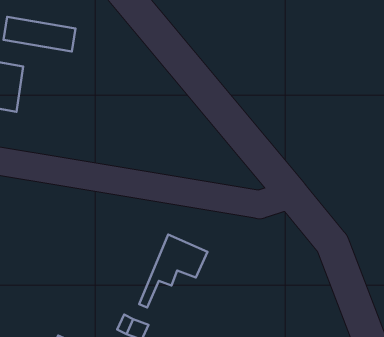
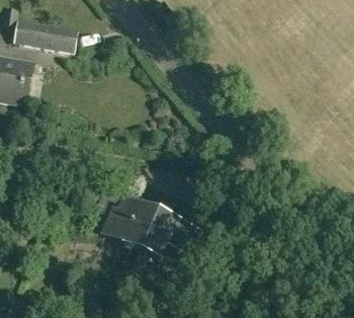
building: none -> [106,195,157,271]

